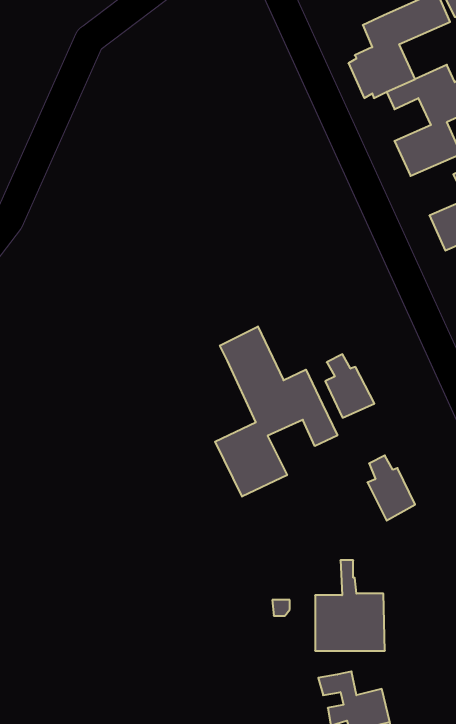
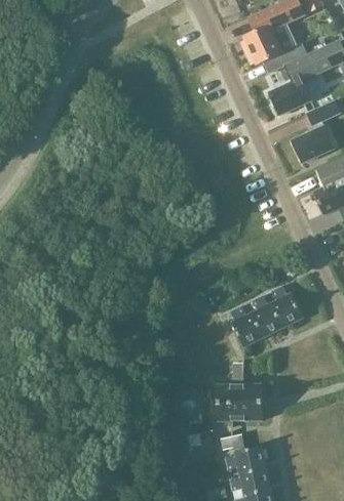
building: [215,326,337,497] -> none
building: [325,354,374,418] -> [271,285,303,326]
building: none -> [231,305,264,345]

